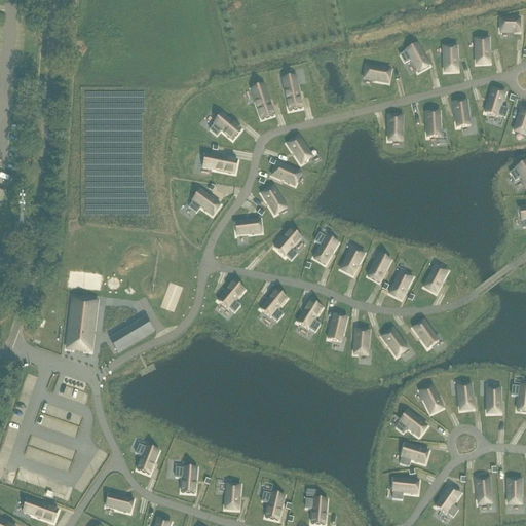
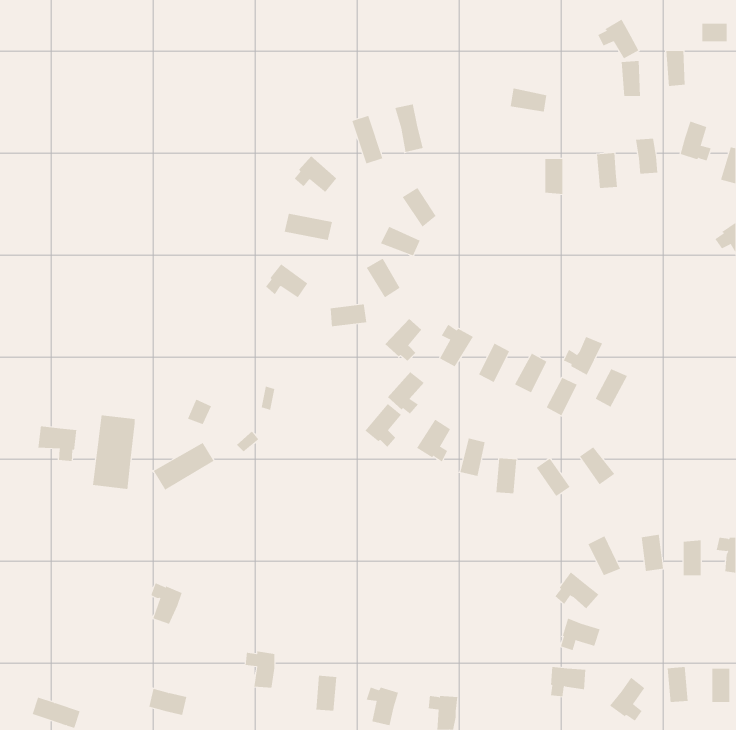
building: [400,41,429,70] -> [597,19,639,59]
building: none -> [563,336,603,376]
building: [218,279,245,310] -> [387,371,425,415]
building: none -> [38,425,77,462]
building: [136,442,158,472] -> [151,583,183,624]

